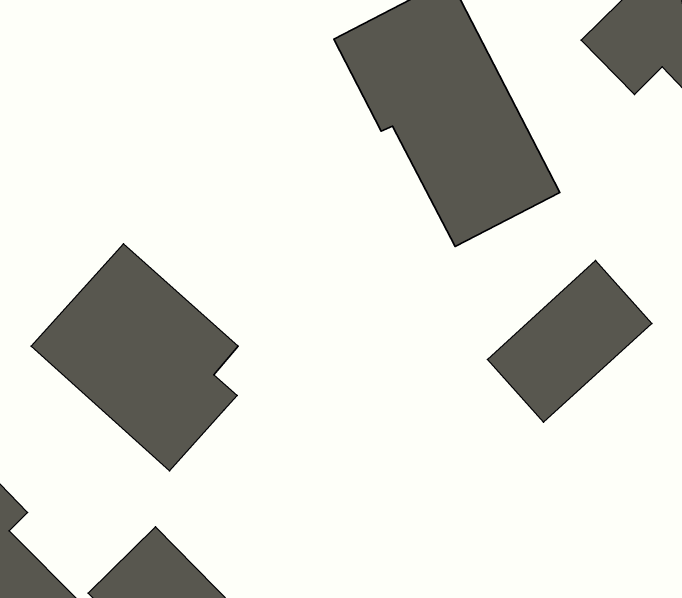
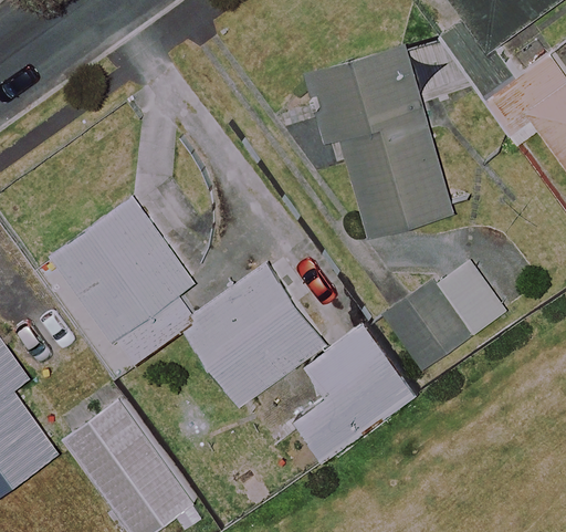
building: none -> [184,262,328,407]
building: none -> [293,325,413,463]

